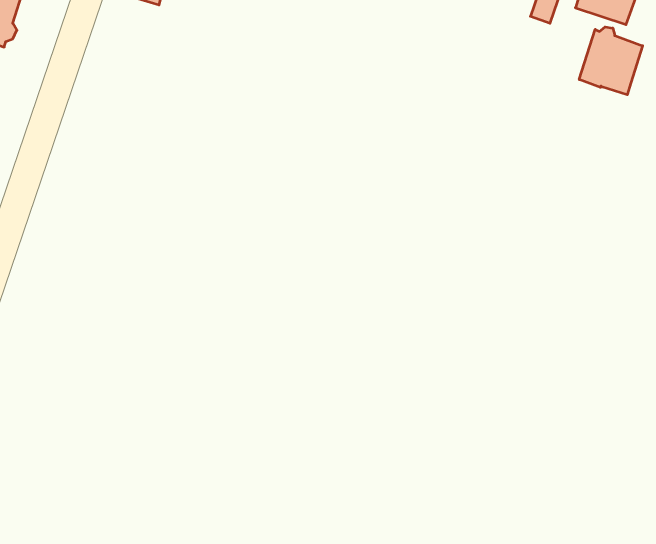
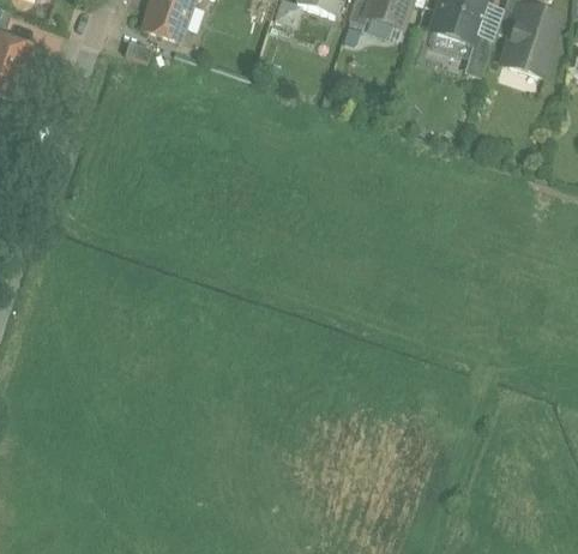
building: [579,27,643,95] -> none

